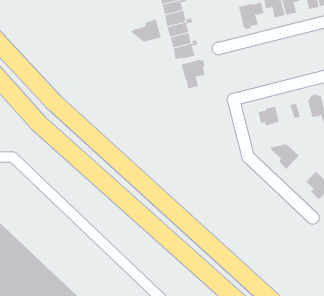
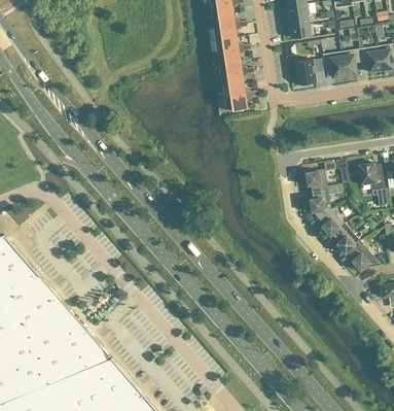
building: [127,19,162,42] -> none
building: [181,59,206,89] -> none
building: none -> [310,186,332,212]
building: none -> [329,224,360,254]

